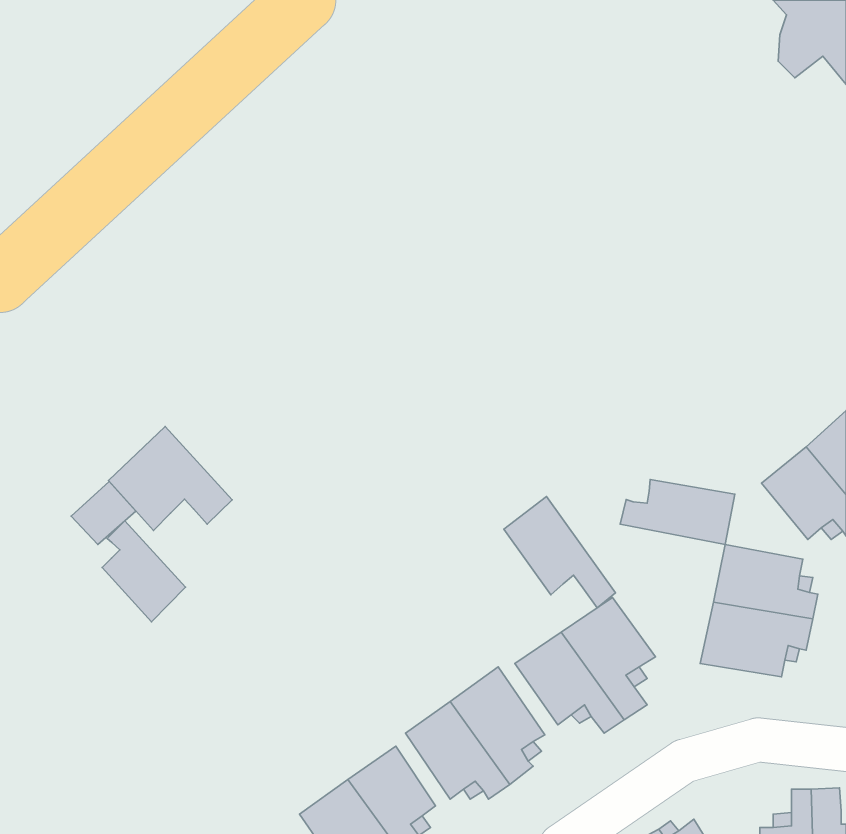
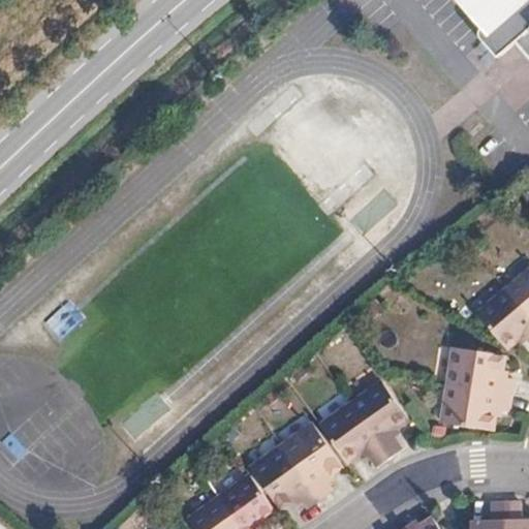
building: [108,427,232,531] -> none
building: [620,480,735,544] -> none
building: [504,497,615,608] -> none
building: [102,521,185,622] -> none

